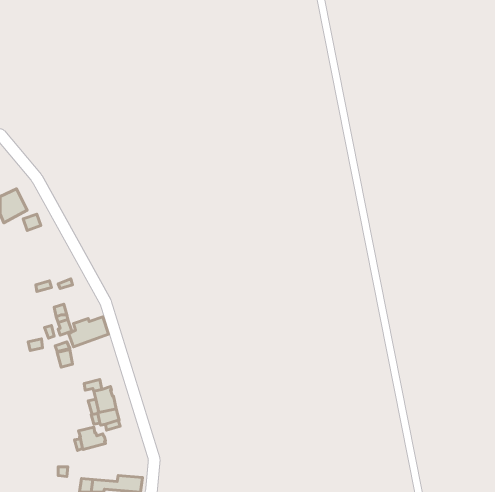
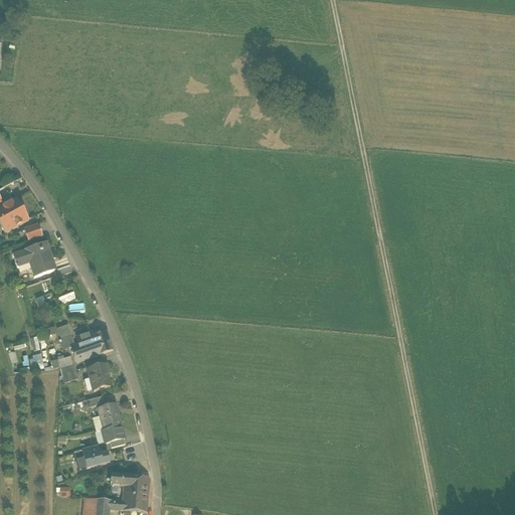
building: none -> [12,240,54,275]
building: none -> [88,362,110,389]
building: none -> [110,473,149,496]

